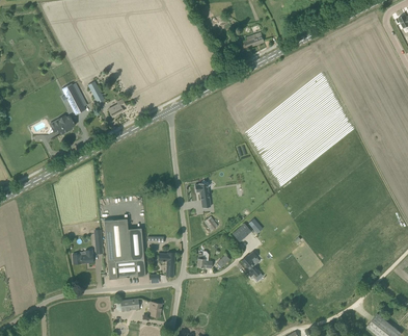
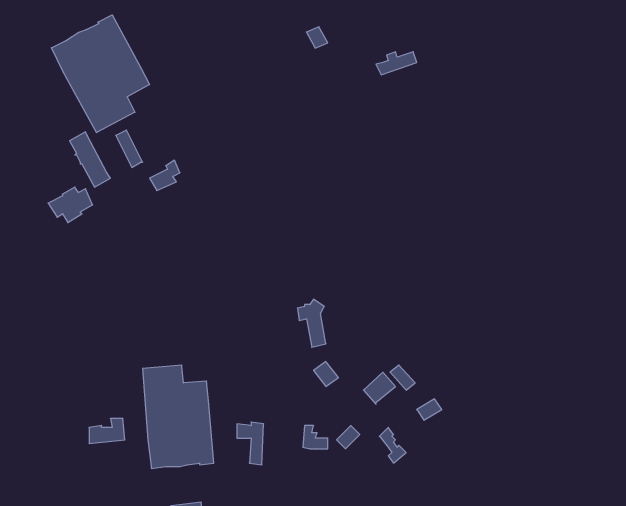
building: none -> [51,15,150,133]

